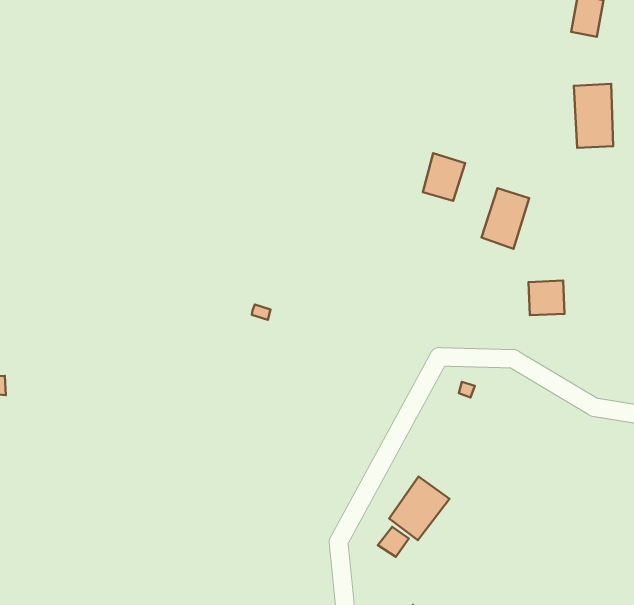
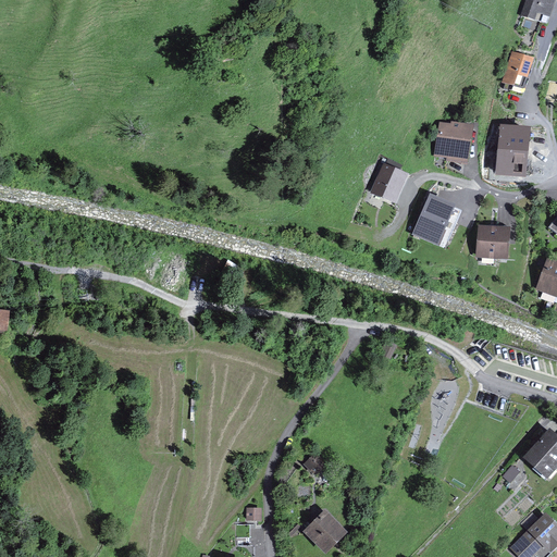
building: none -> [435,122,471,159]
building: [529,280,564,315] -> [476,227,506,256]
building: [389,477,450,540] -> none

